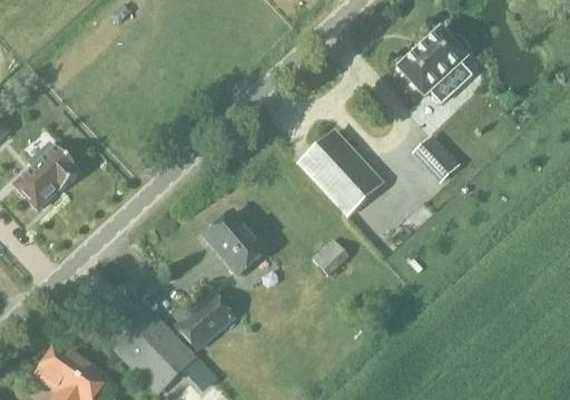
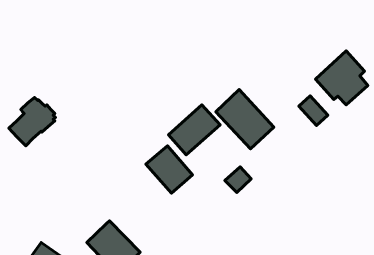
building: [397,26,470,100] -> [315,51,368,105]
building: none -> [169,105,220,155]
building: [176,293,234,349] -> none

